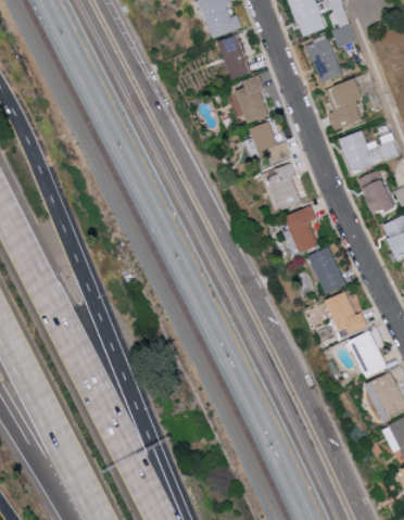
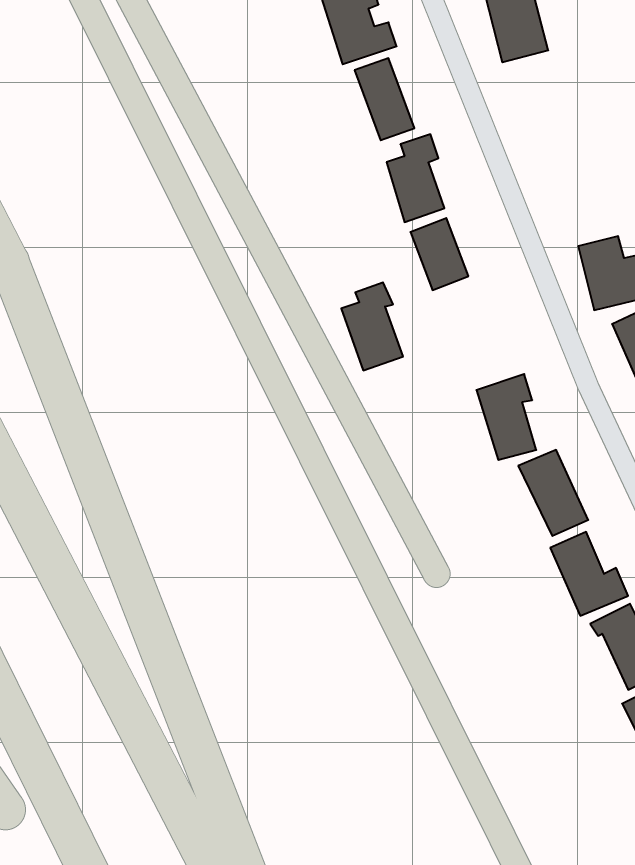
building: [304,37,341,85] -> none
building: [324,78,363,131] -> none
building: [267,164,301,212] -> [341,282,403,370]

